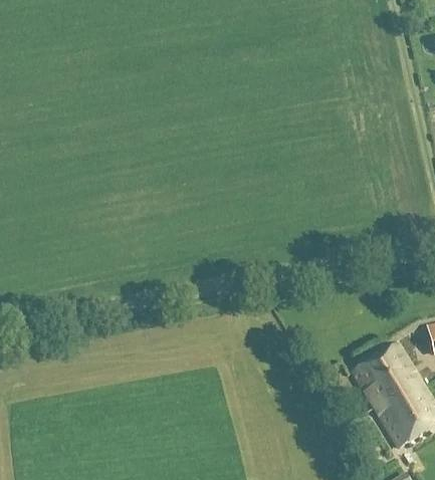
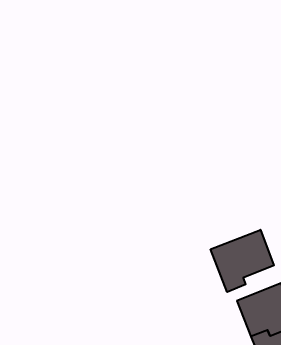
building: none -> [211,230,274,292]

